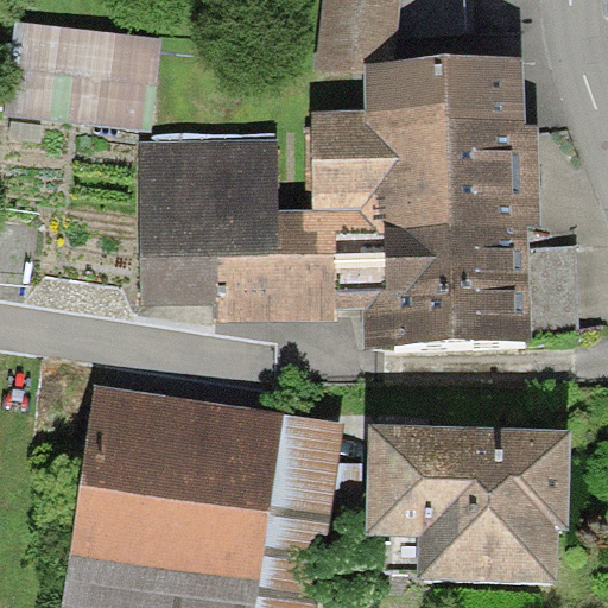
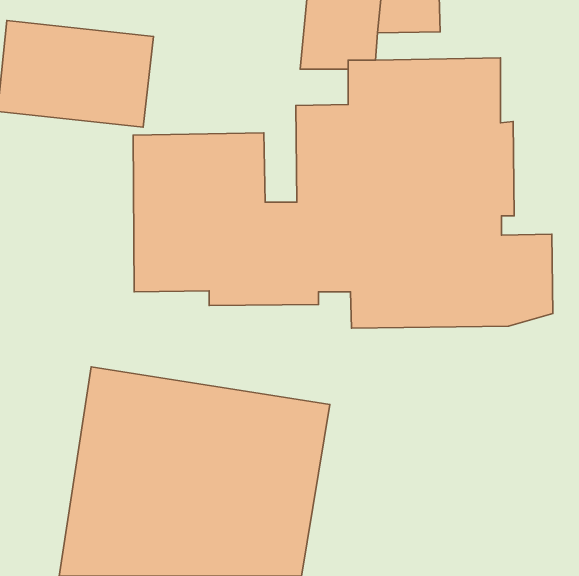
building: [363,429,570,585] -> none

